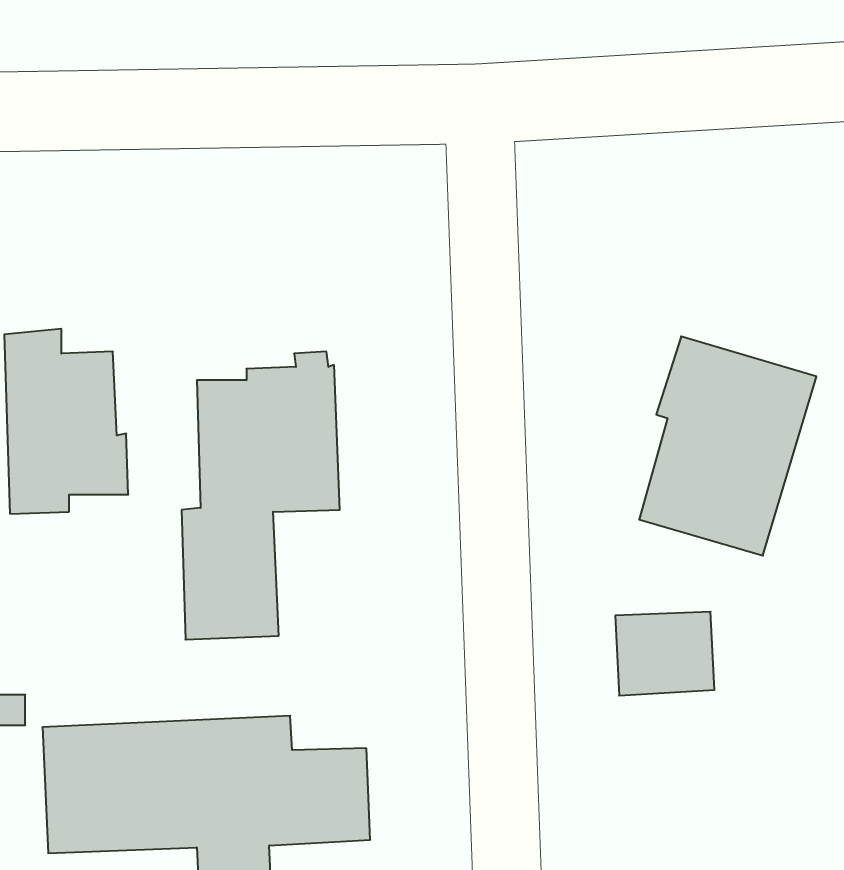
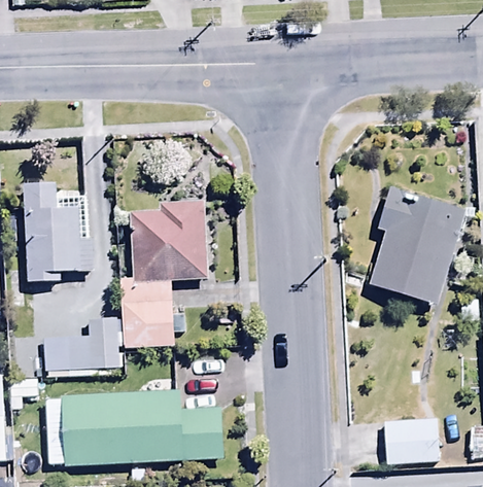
building: none -> [44,319,122,376]
building: [615,612,714,696] -> [384,418,438,463]

